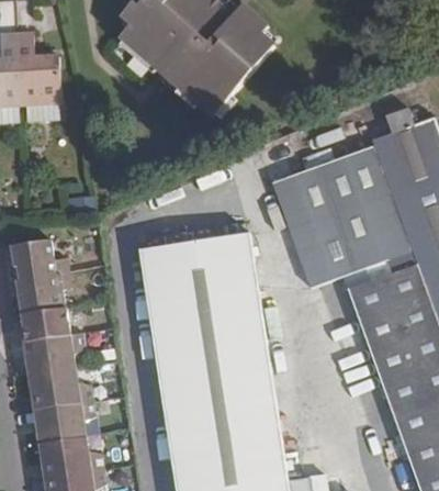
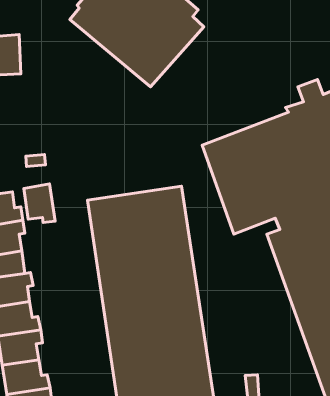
building: none -> [24,184,55,222]

